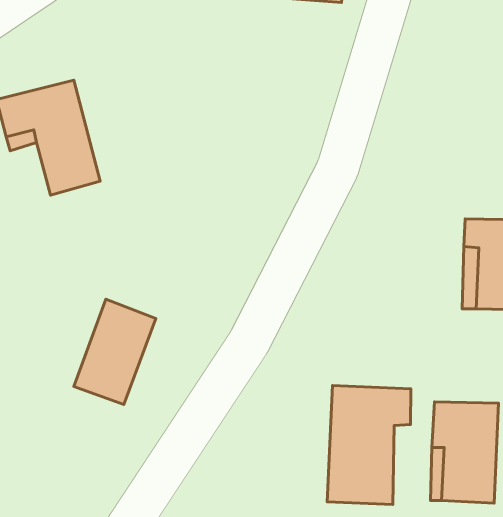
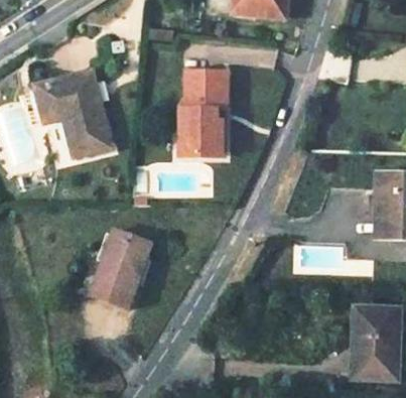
building: none -> [186,73,228,155]
building: [327,385,411,504] -> none

